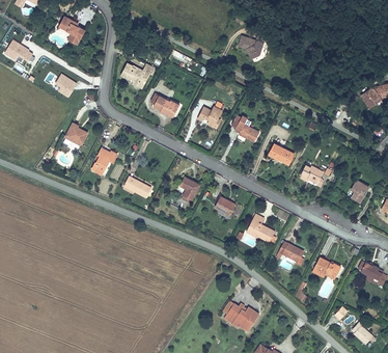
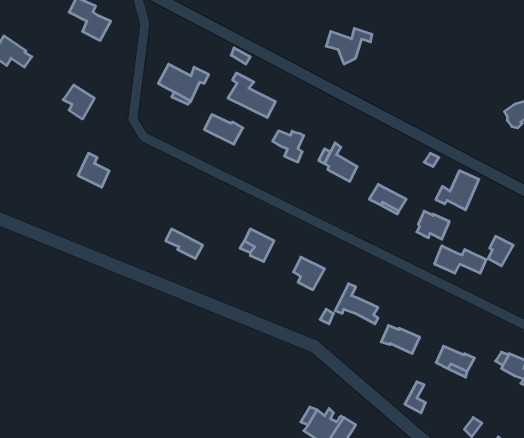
building: none -> [228,73,275,118]
building: none -> [436,171,479,210]
building: [91,145,119,173] -> none
building: none -> [435,246,486,273]

